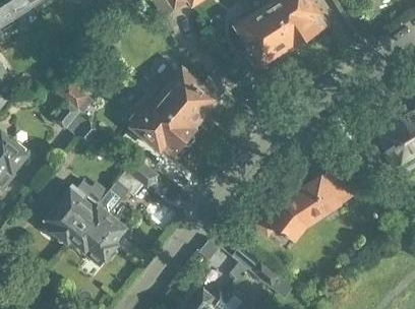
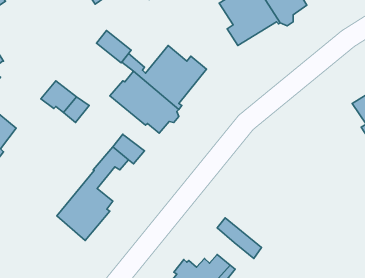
building: [57,82,93,116] -> [97,30,131,63]
building: [254,166,355,240] -> none
building: [42,183,106,244] -> none

